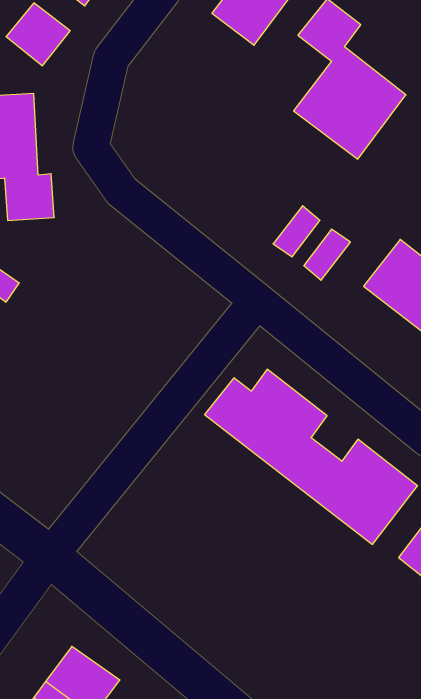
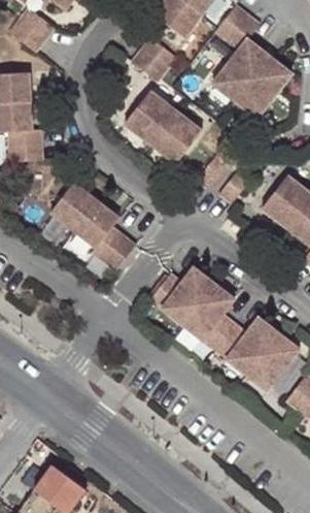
building: none -> [131,37,175,82]
building: none -> [124,90,201,163]
building: none -> [49,182,135,270]

